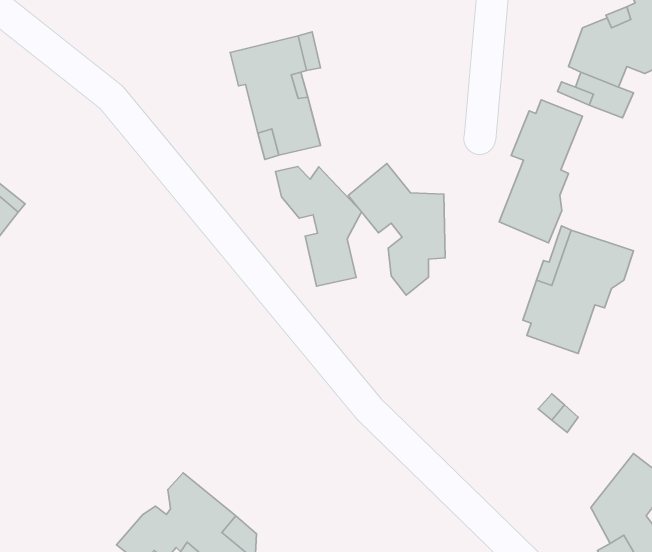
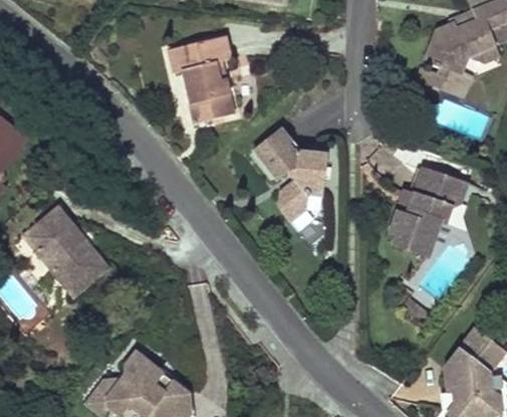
building: [499,100,583,243] -> none
building: [275,167,362,286] -> none
building: none -> [27,213,108,298]

